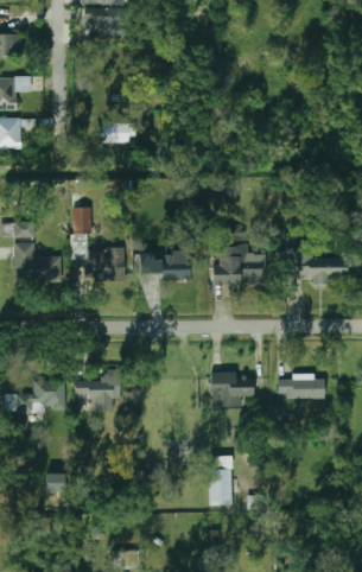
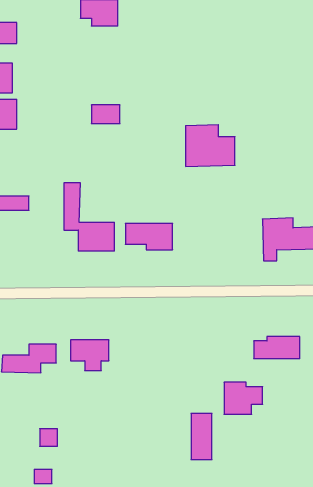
building: [211,240,265,285] -> [186,125,235,166]
building: [13,243,61,282] -> none
building: [211,373,253,407] -> [224,382,263,414]

